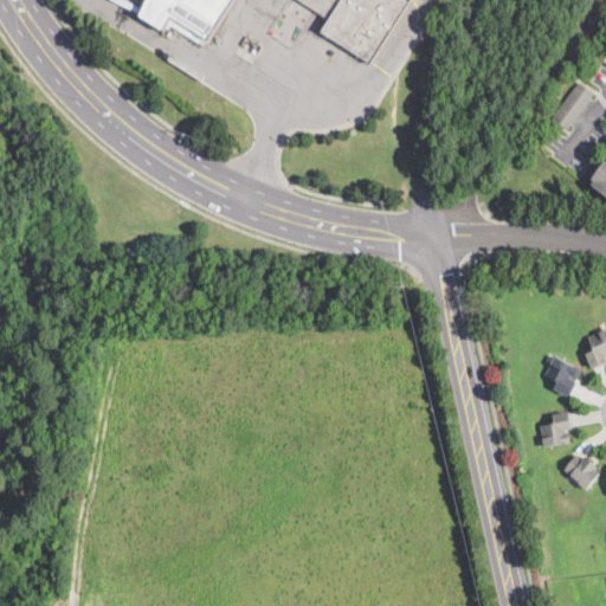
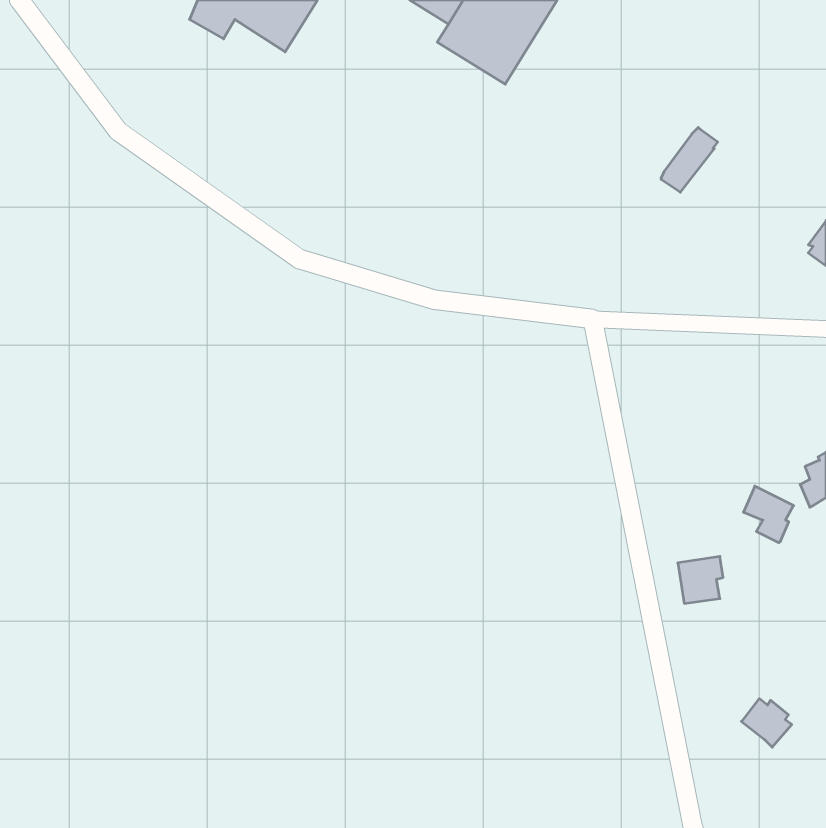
building: [552,82,593,129] -> [661,127,718,192]
building: [539,412,572,446] -> [678,556,723,603]
building: [562,454,599,490] -> [741,699,792,747]

